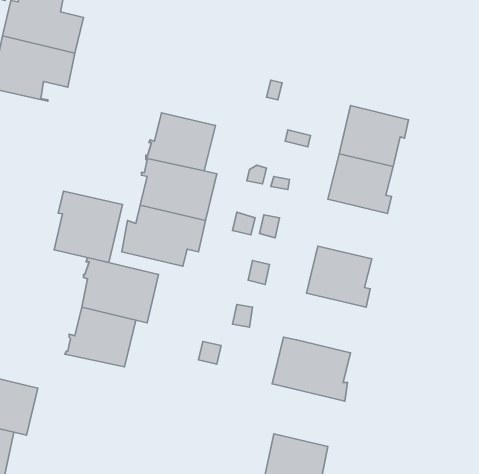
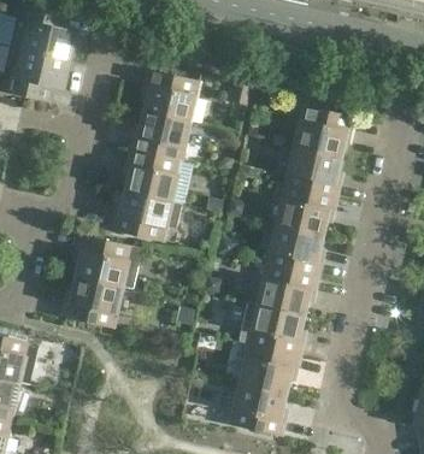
building: none -> [145,70,200,123]
building: [54,191,122,262] -> none
building: none -> [277,185,336,236]
building: none -> [259,265,318,316]
building: none -> [240,344,300,395]

